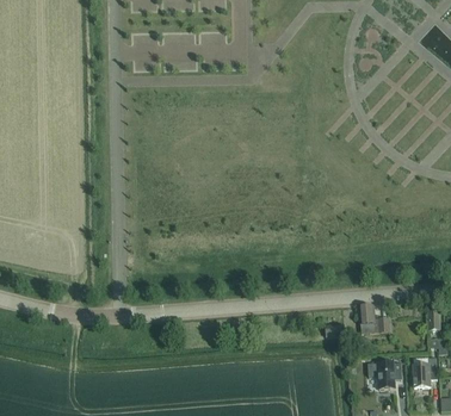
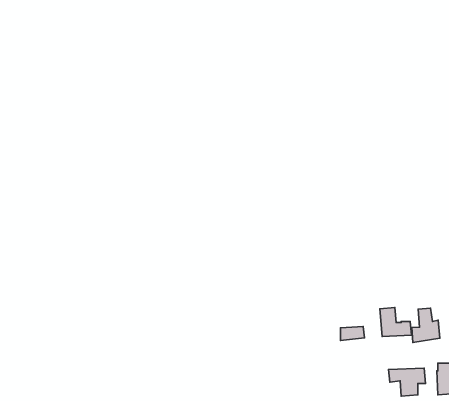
building: none -> [412,308,440,342]

